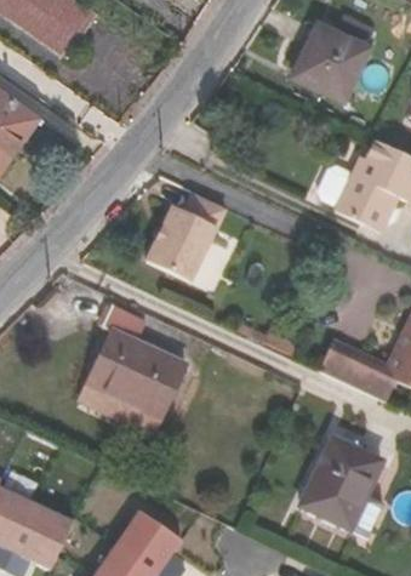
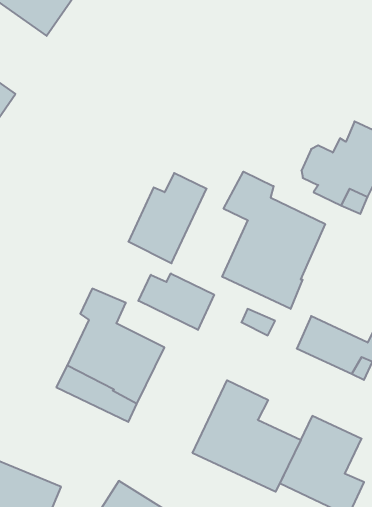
building: [291,25,367,102] -> none
building: none -> [222,172,325,309]
building: none -> [138,273,214,330]
building: none -> [193,380,301,492]

